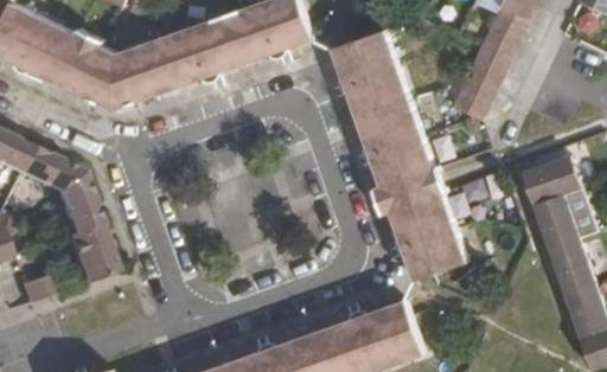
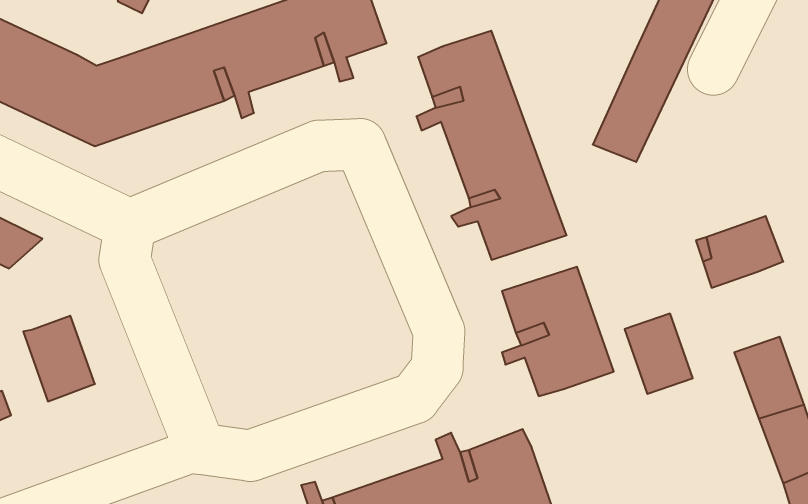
building: [56,172,97,233] -> none
building: [532,194,579,249] -> [625,314,693,394]

